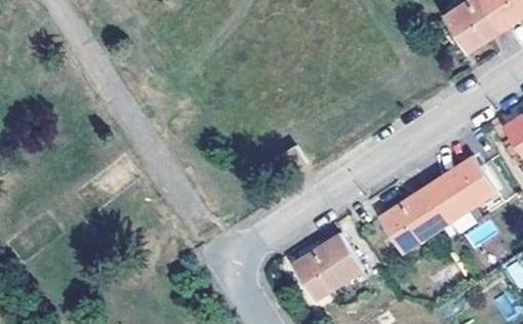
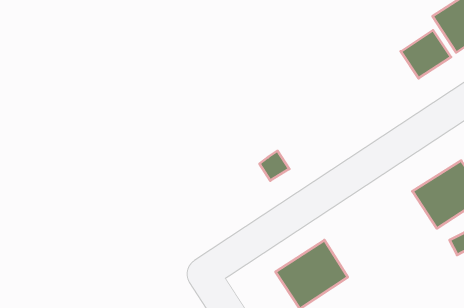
building: none -> [401,30,451,78]
building: [379,187,448,252] -> none

